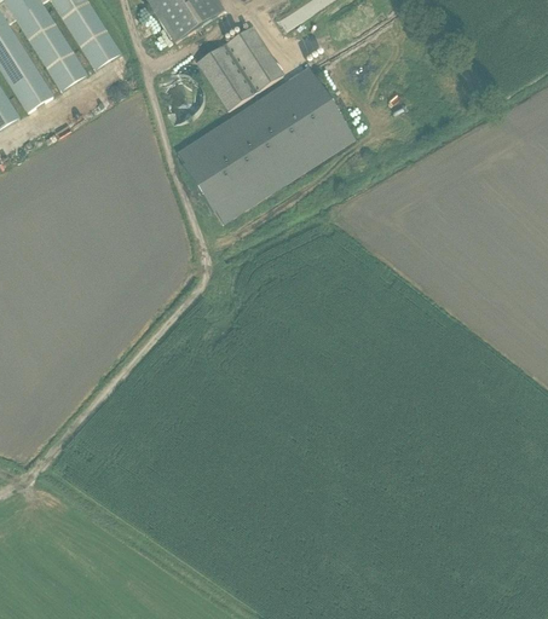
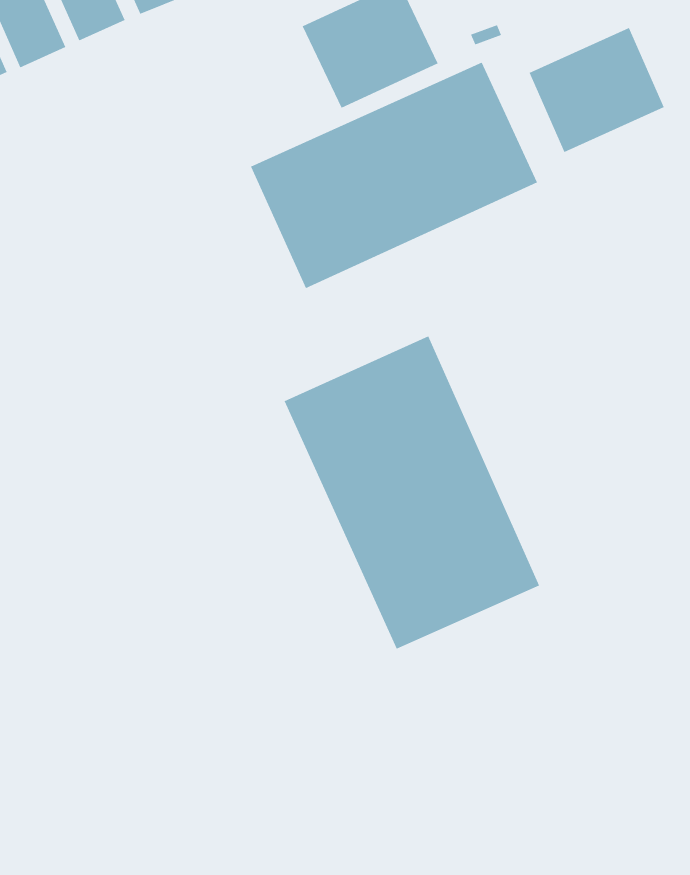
building: none -> [529,27,664,153]
building: none -> [284,335,540,649]

